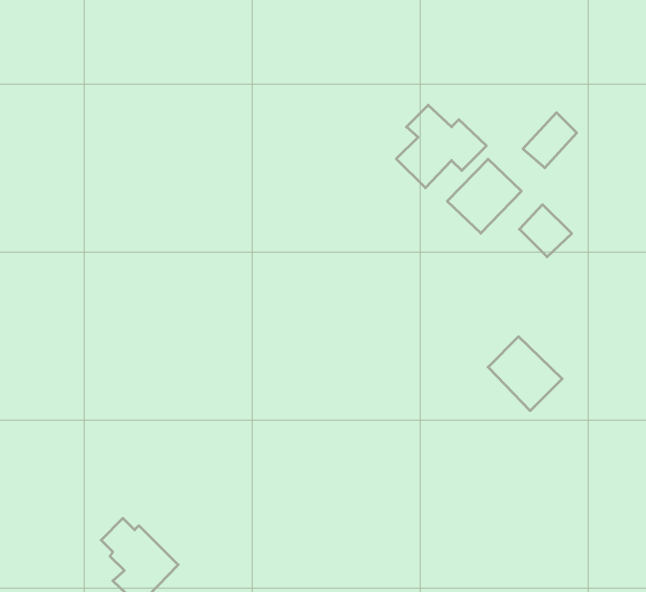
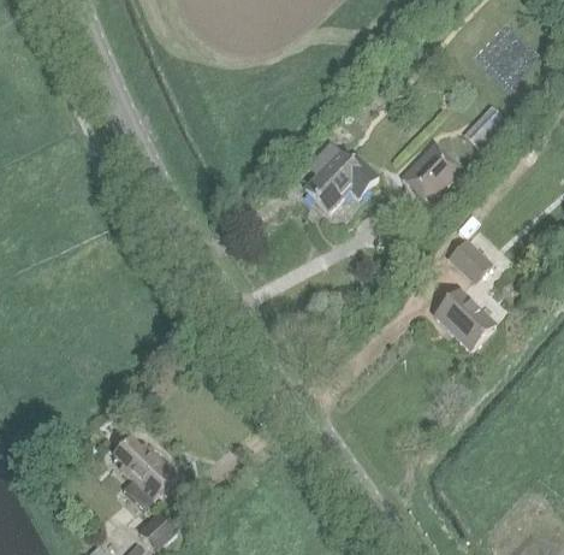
building: [396,105,486,188] -> [303,142,378,211]
building: [519,205,572,257] -> [449,237,492,281]

